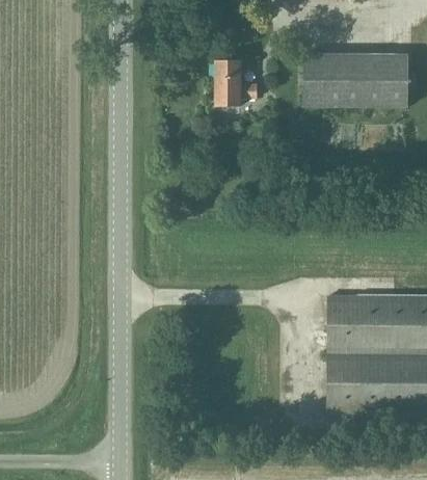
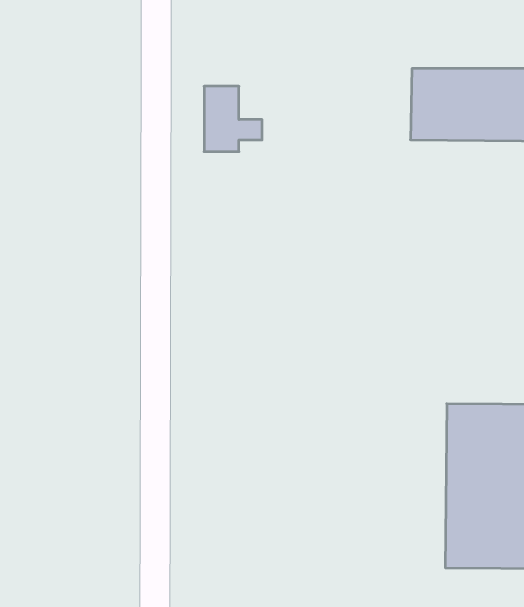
building: [214,58,256,105] -> [204,86,262,152]

